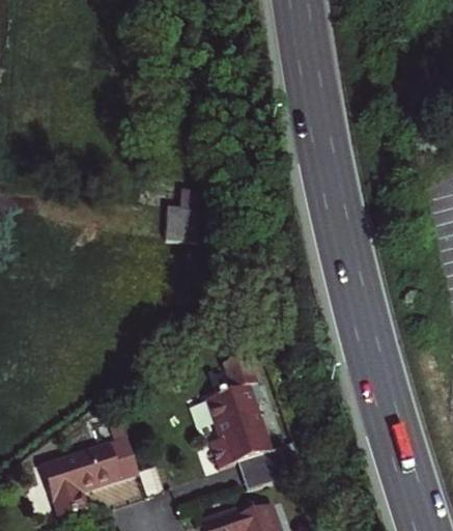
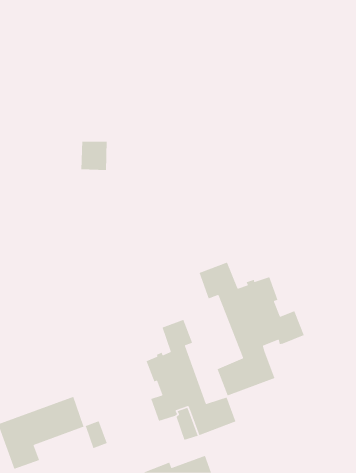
building: [170,204,200,237] -> [80,141,108,171]
building: none -> [198,262,305,397]

